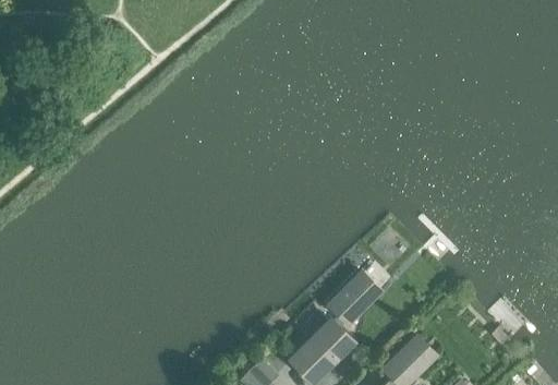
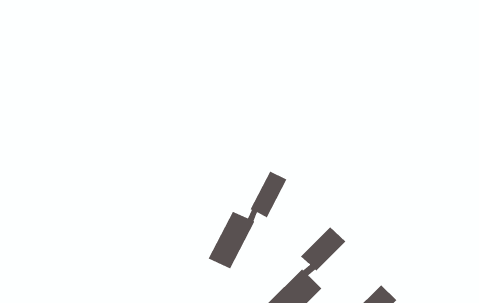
building: none -> [207,170,287,269]

